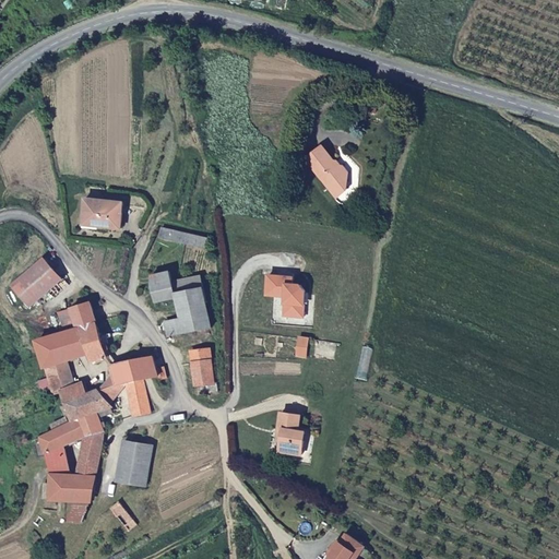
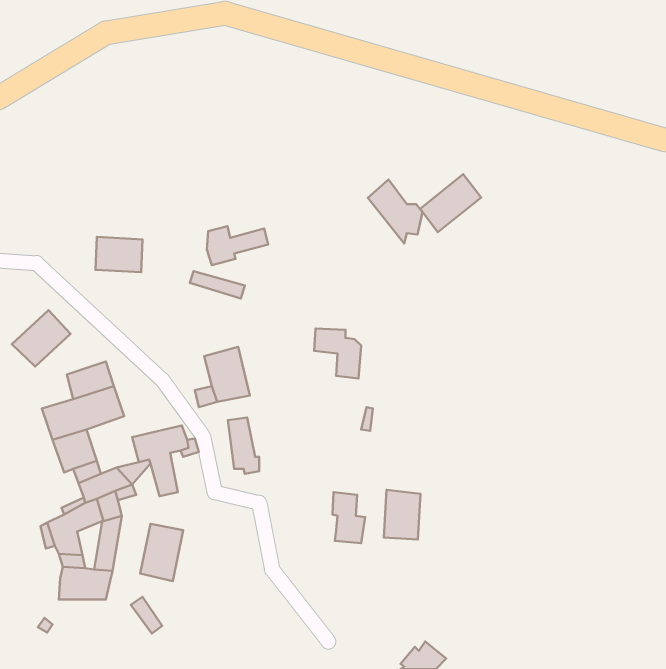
building: none -> [420,174,481,232]
building: [147,274,199,307] -> [207,226,268,265]
building: none -> [384,490,420,540]

